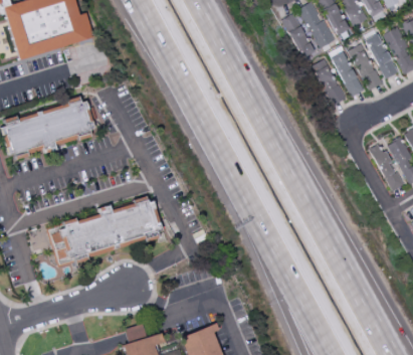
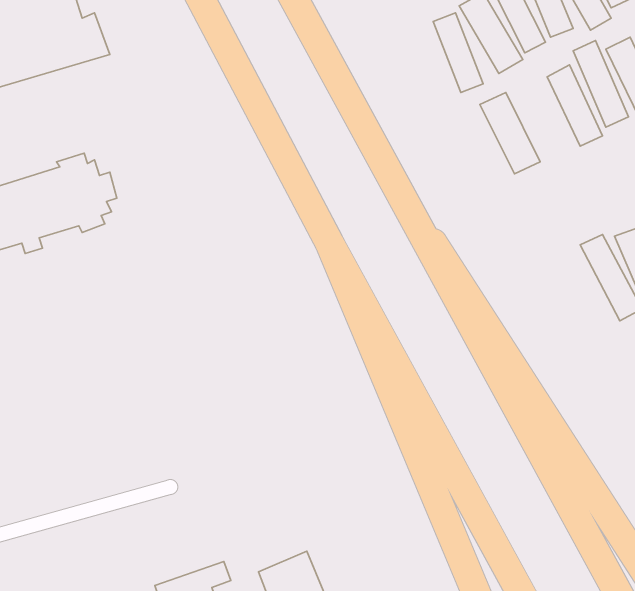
building: [331,45,363,97] -> none
building: [49,198,162,267] -> none

